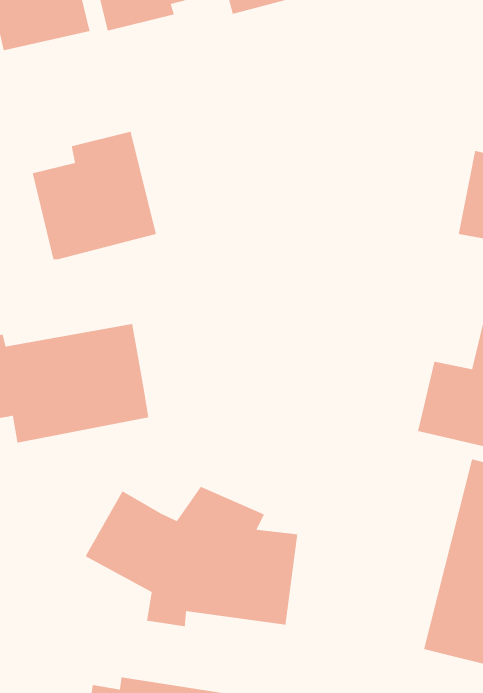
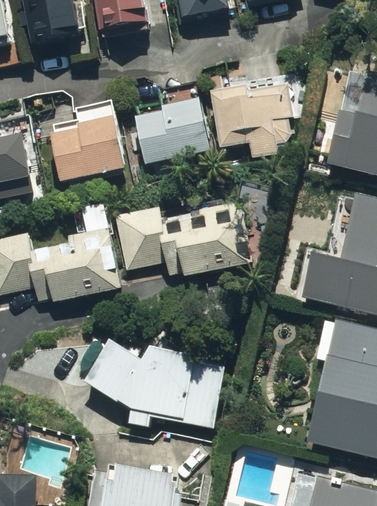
building: none -> [208,75,292,158]
building: none -> [134,84,211,166]
building: none -> [113,201,257,279]

